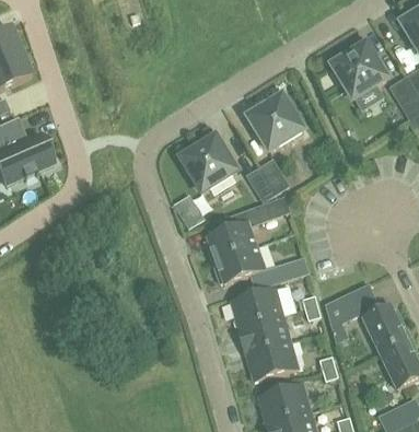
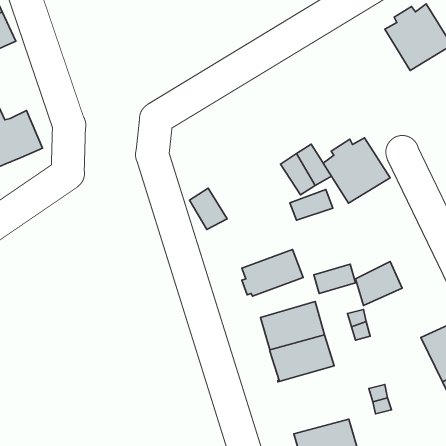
building: [249,96,304,150] -> [323,138,390,203]
building: [183,138,236,191] -> none
building: [205,222,257,260] -> none
building: [324,290,362,326] -> [355,262,402,306]
building: [245,340,299,380] -> none

